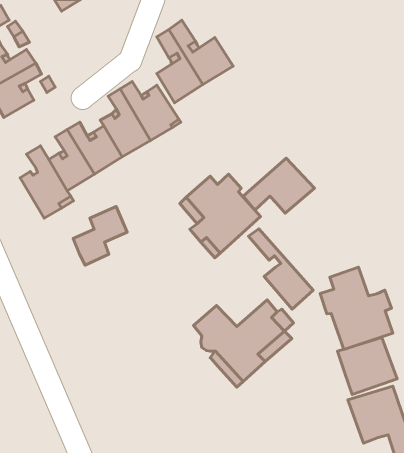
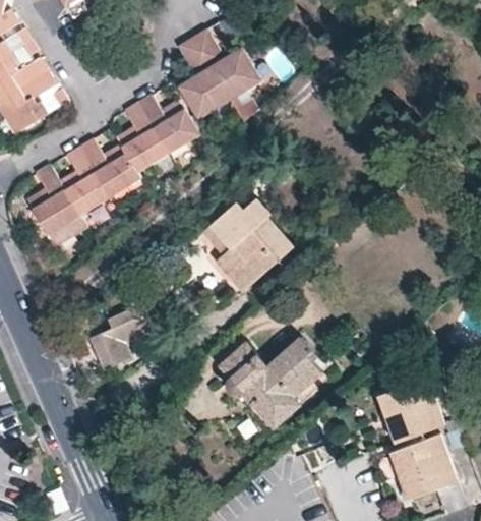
building: [243,158,314,213] -> none
building: [73,206,127,265] -> [88,305,148,370]
building: [248,229,313,309] -> none
building: [320,267,393,349] -> none

